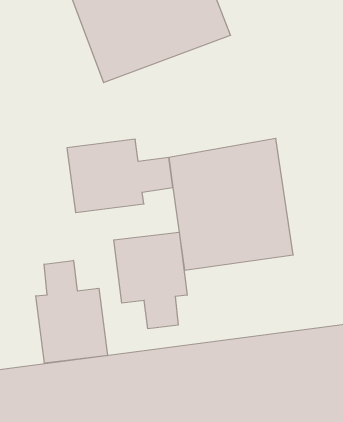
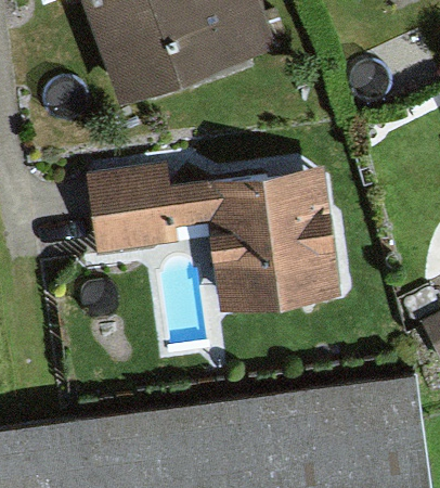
building: [114,232,187,329] -> none
building: [36,260,107,363] -> none

